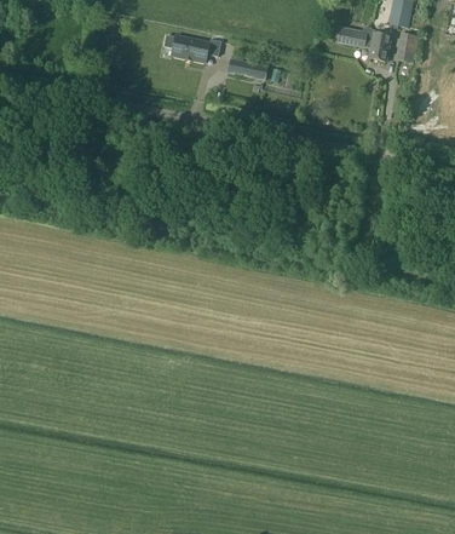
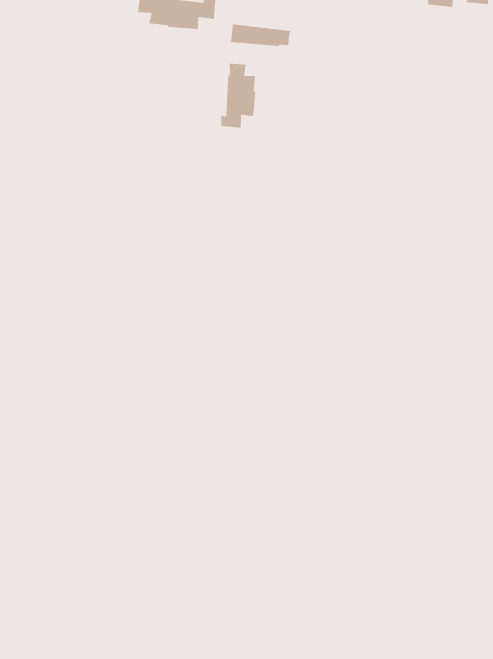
building: none -> [220,63,256,128]

